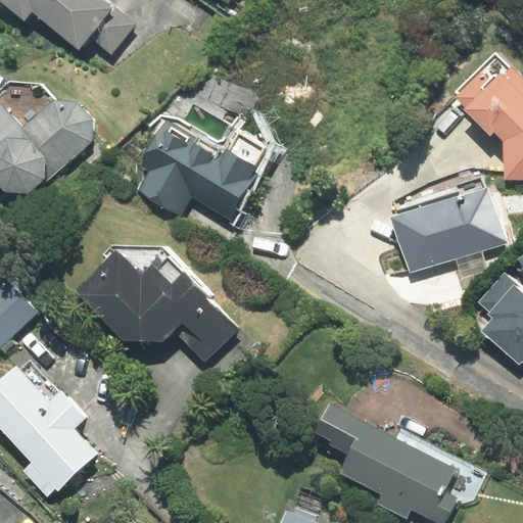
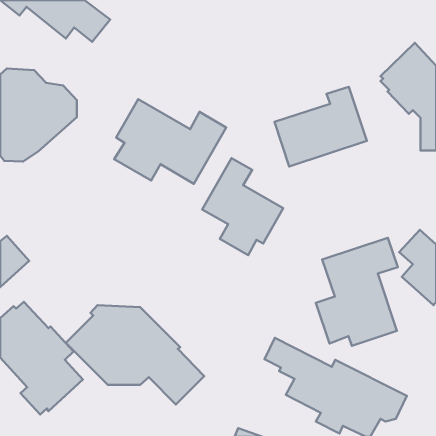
building: [393,178,504,273] -> [275,87,367,166]
building: none -> [202,158,283,255]
building: [74,246,239,365] -> [66,305,204,404]
building: none -> [316,238,398,346]

